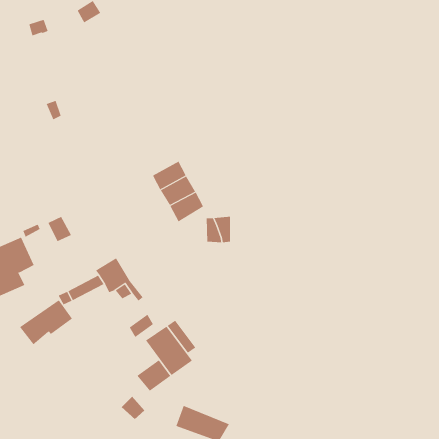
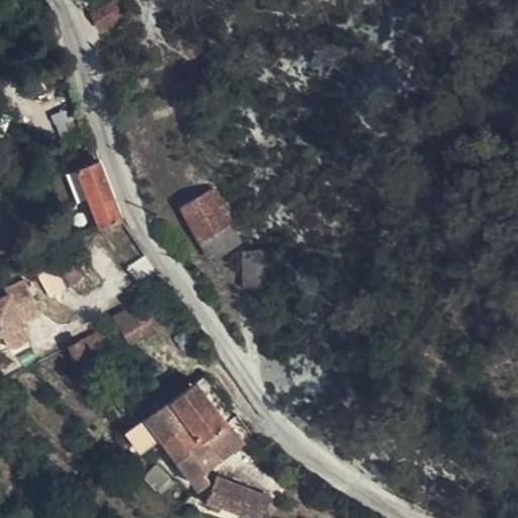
building: none -> [73,154,121,231]
building: [19,299,73,345] -> [123,402,186,455]
building: none -> [175,425,241,491]

